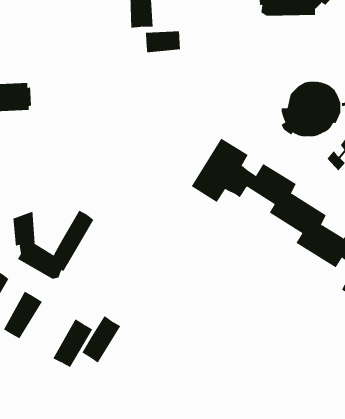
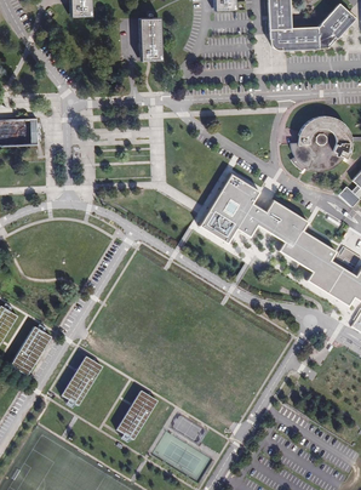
building: [145,31,180,53] -> none
building: [13,210,94,279] -> none
building: [81,315,121,363] -> [116,391,156,439]

